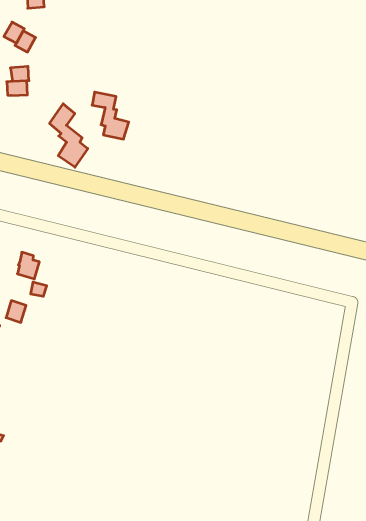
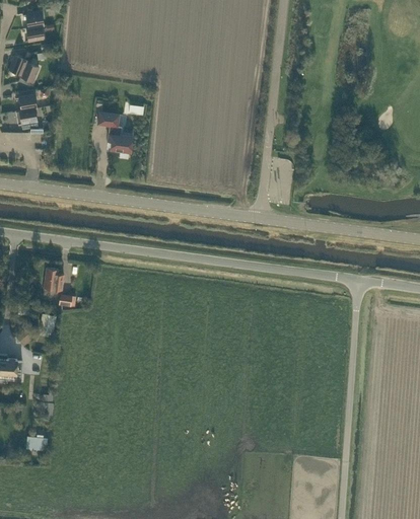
building: [50,104,88,167] -> none

